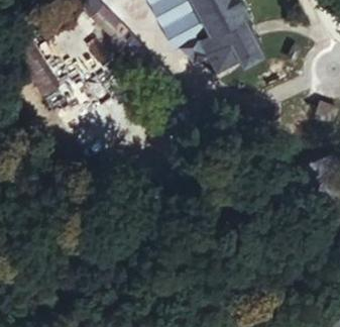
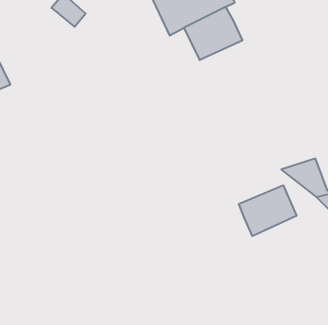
building: none -> [239,185,296,236]

